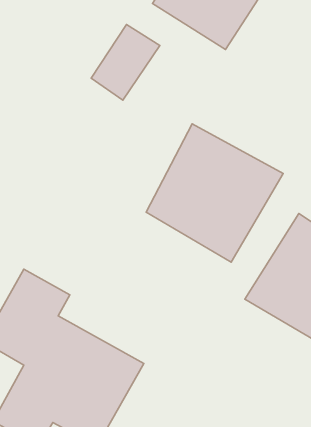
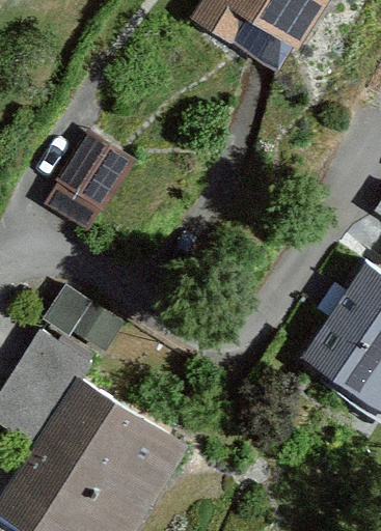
building: [91,24,160,100] -> [48,138,129,227]
building: [146,124,283,262] -> none

